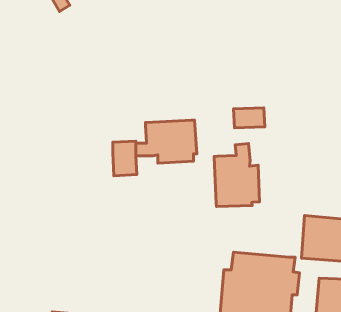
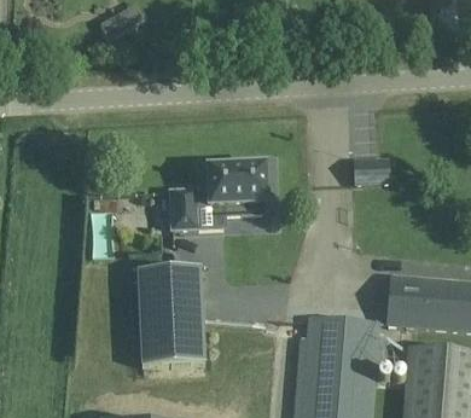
building: [233,108,265,128] -> [354,159,390,182]
building: [214,144,259,207] -> none
building: none -> [138,266,205,366]

